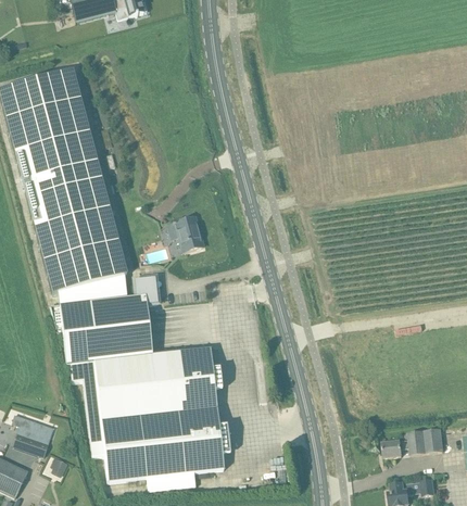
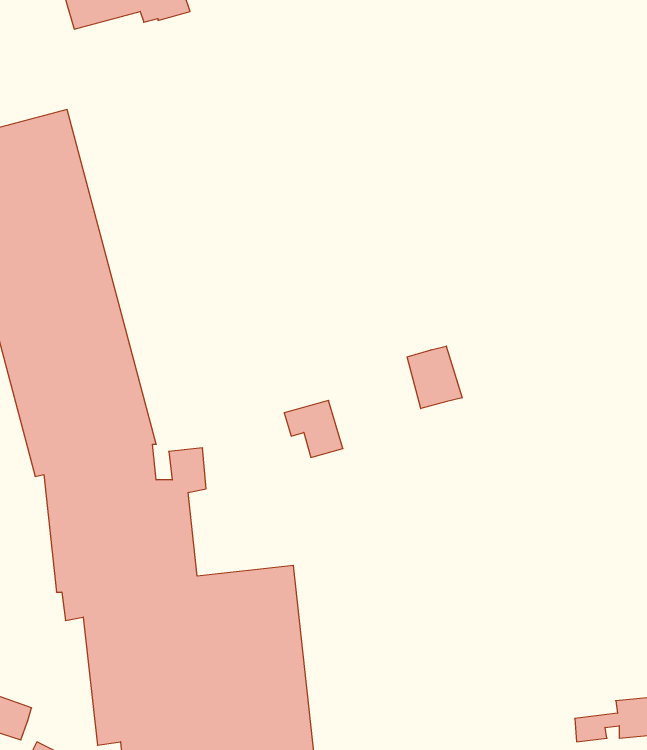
building: none -> [407,346,462,409]
building: [168,216,204,251] -> [284,400,343,457]

